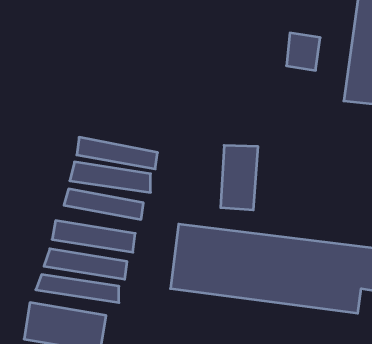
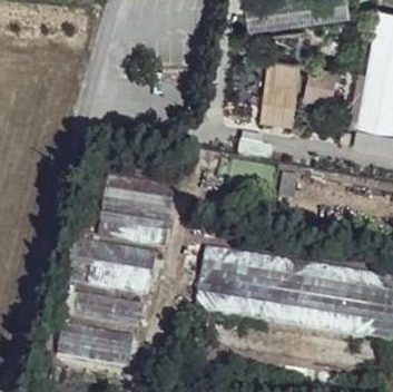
building: [221,145,258,210] -> [263,63,298,125]

